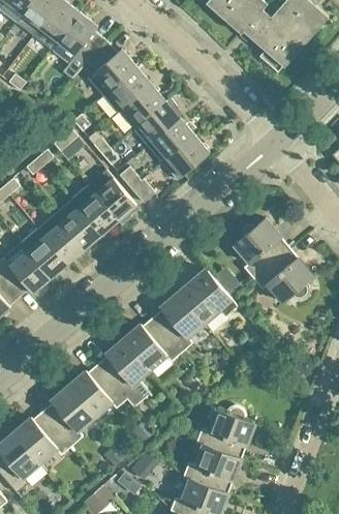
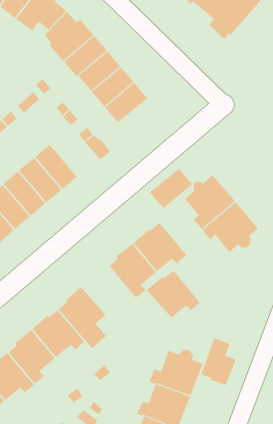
building: [162,135,210,180] -> [149,168,193,209]
building: [89,171,136,220] -> none
building: [123,318,182,370] -> [146,270,201,319]
building: none -> [201,338,236,386]

